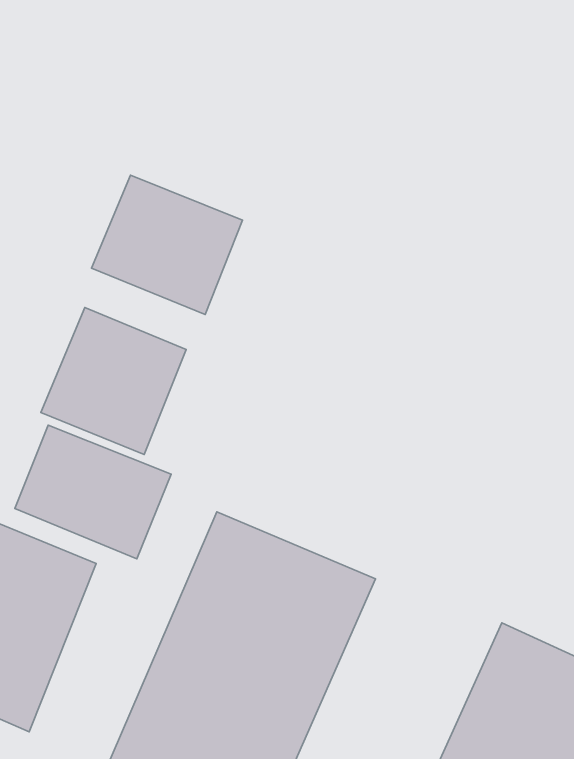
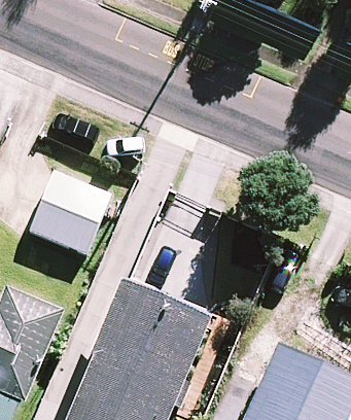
building: [91,175,242,315] -> none
building: [15,425,171,559] -> none

